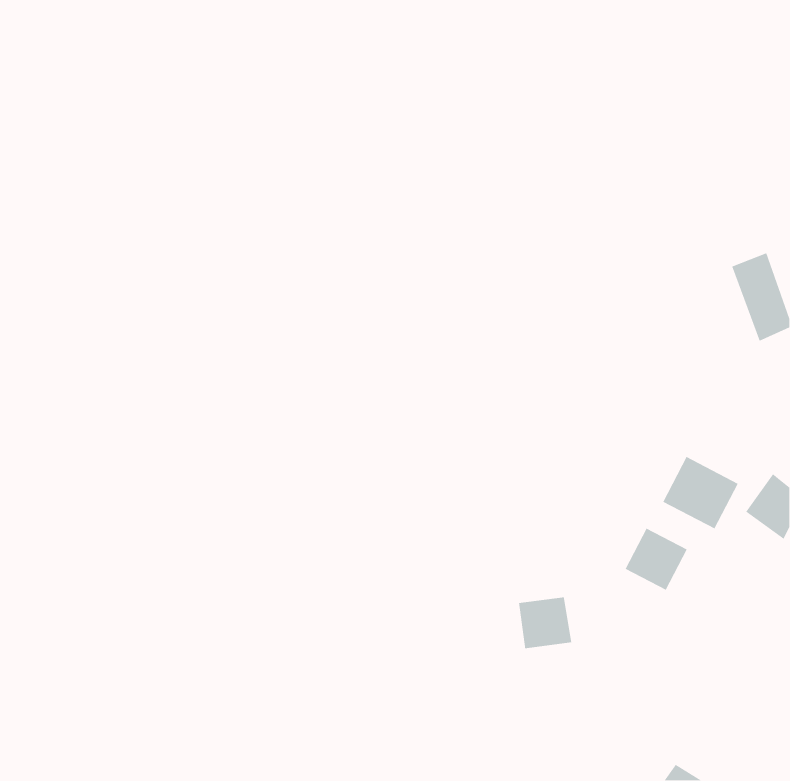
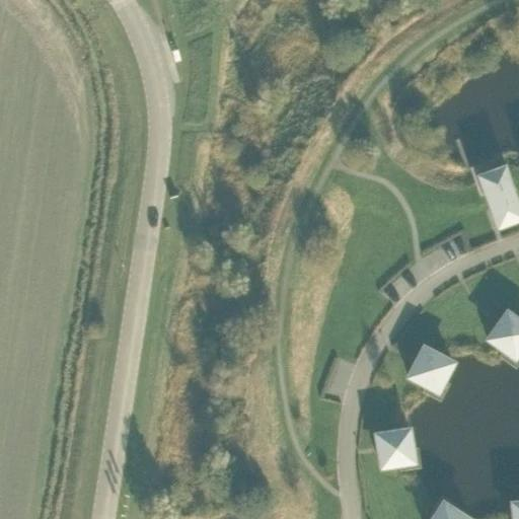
building: [662,456,739,530] -> none
building: [518,596,572,649] -> [377,428,413,462]

